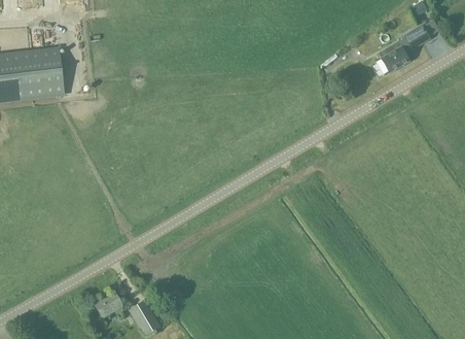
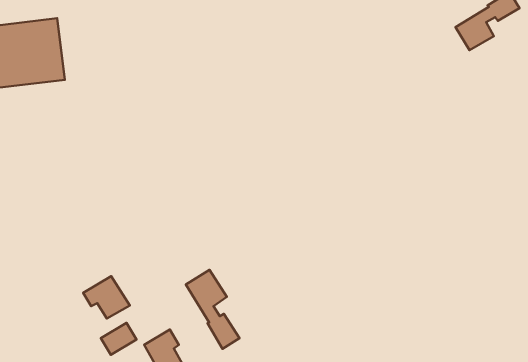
building: none -> [186,270,240,349]
building: none -> [83,276,130,319]

